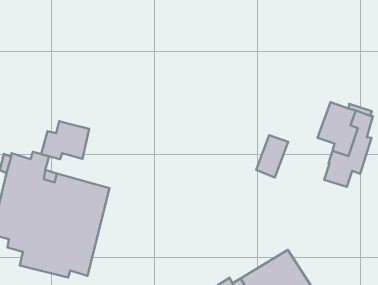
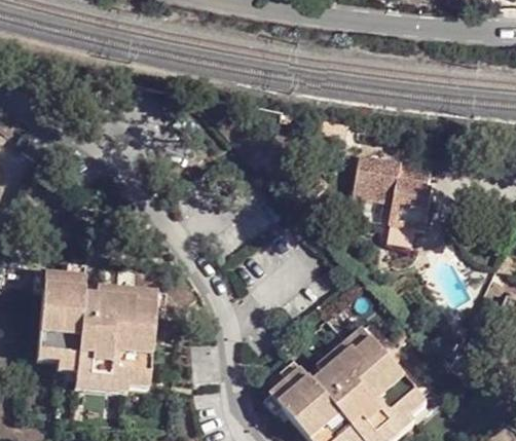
building: [41,121,89,159] -> none
building: [256,135,288,178] -> [353,156,382,201]

